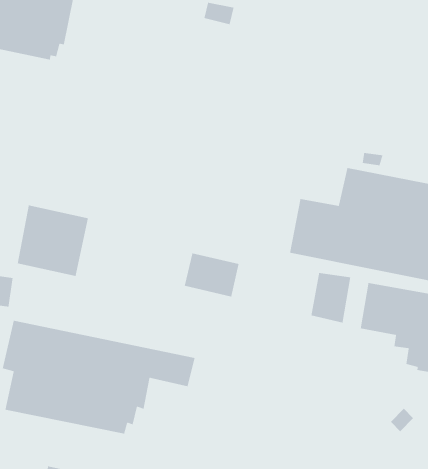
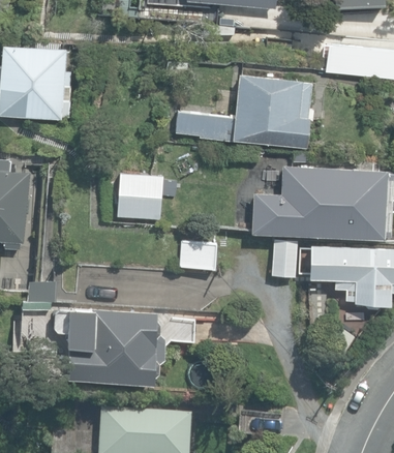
building: none -> [176,78,310,147]
building: [17,205,89,277] -> [116,173,162,219]

